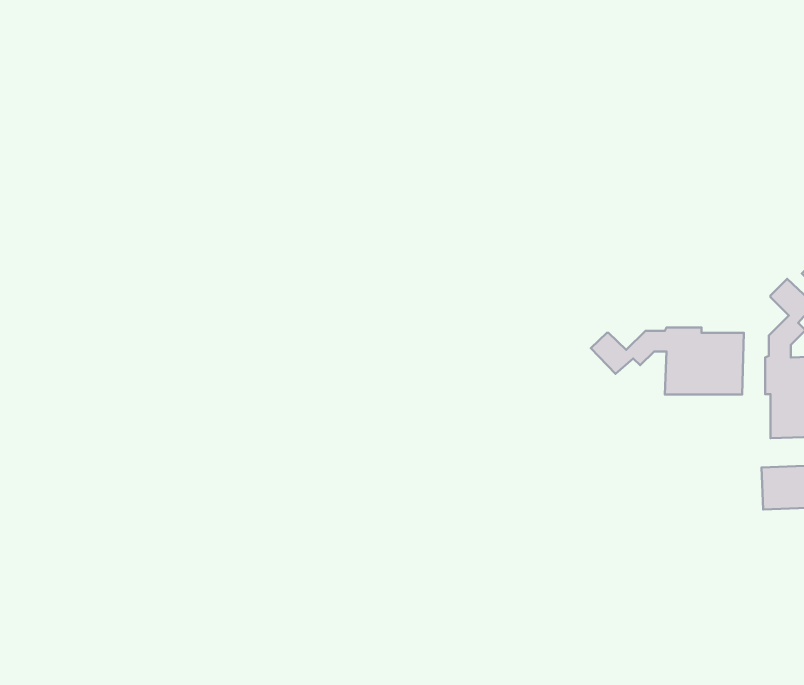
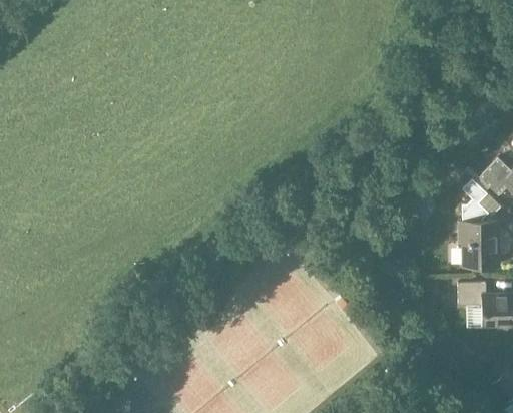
building: [591,328,744,394] -> none

